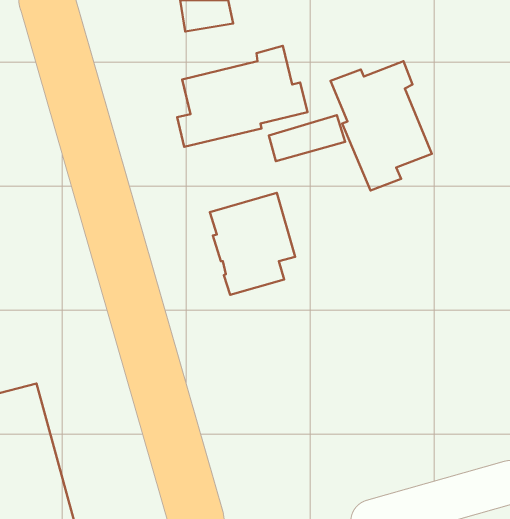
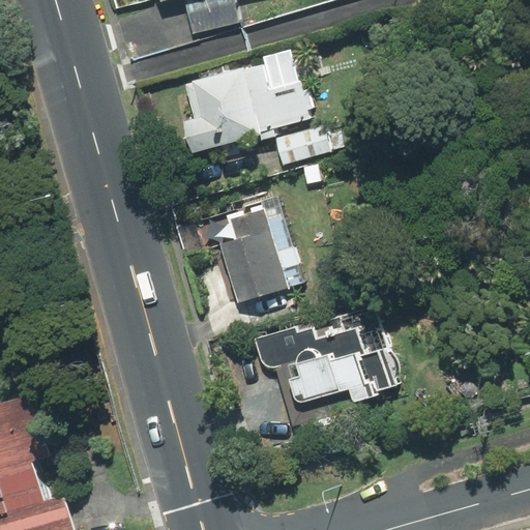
building: [330,61,432,190] -> none
building: none -> [255,322,394,445]

